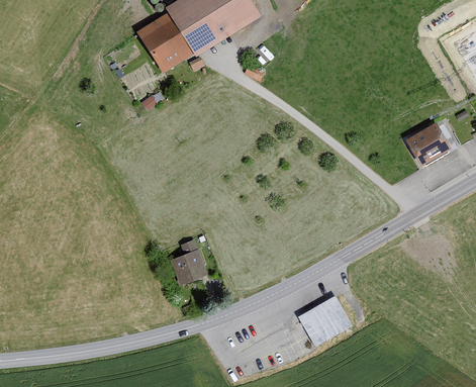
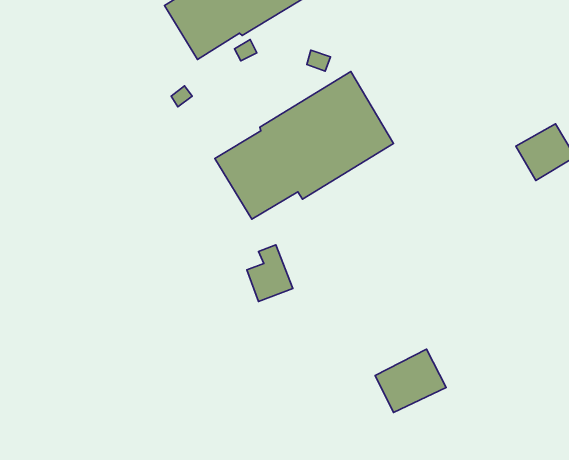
building: none -> [215,71,394,219]
building: [172,241,207,285] -> [247,245,293,302]

